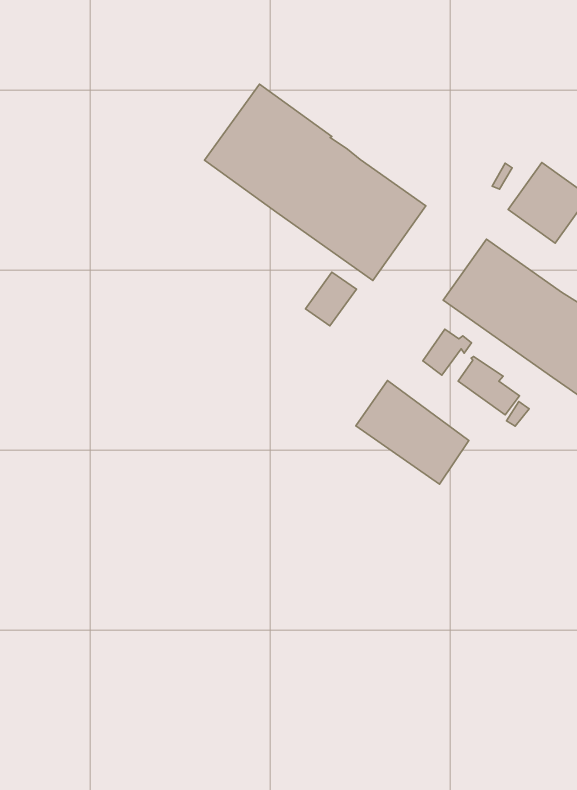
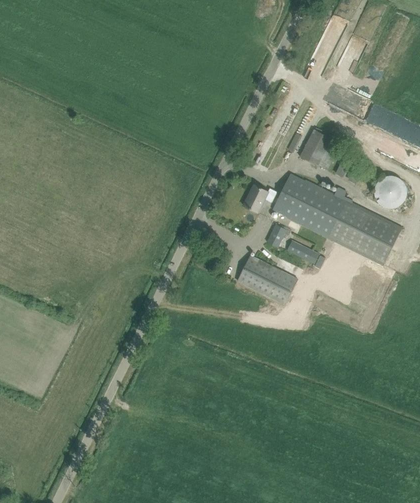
building: [205,84,426,280] -> none
building: [306,272,356,326] -> [243,184,268,212]

